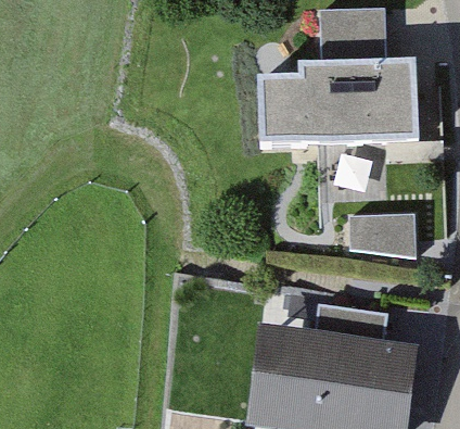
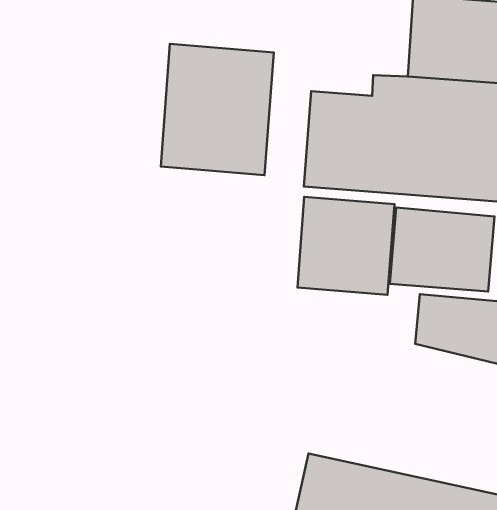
building: none -> [161,44,274,175]
building: none -> [297,197,394,295]

